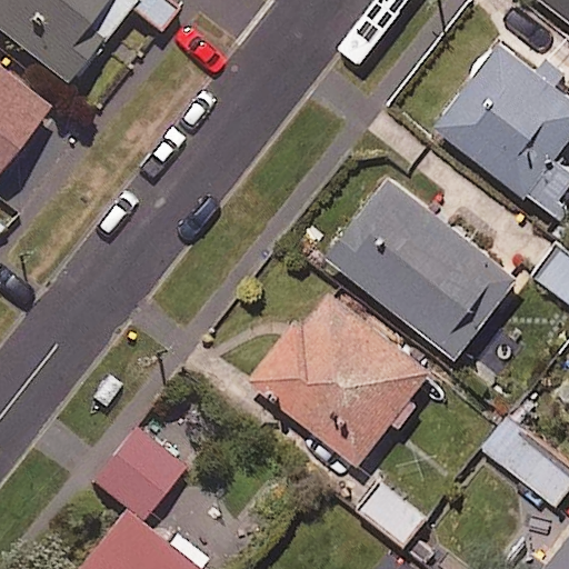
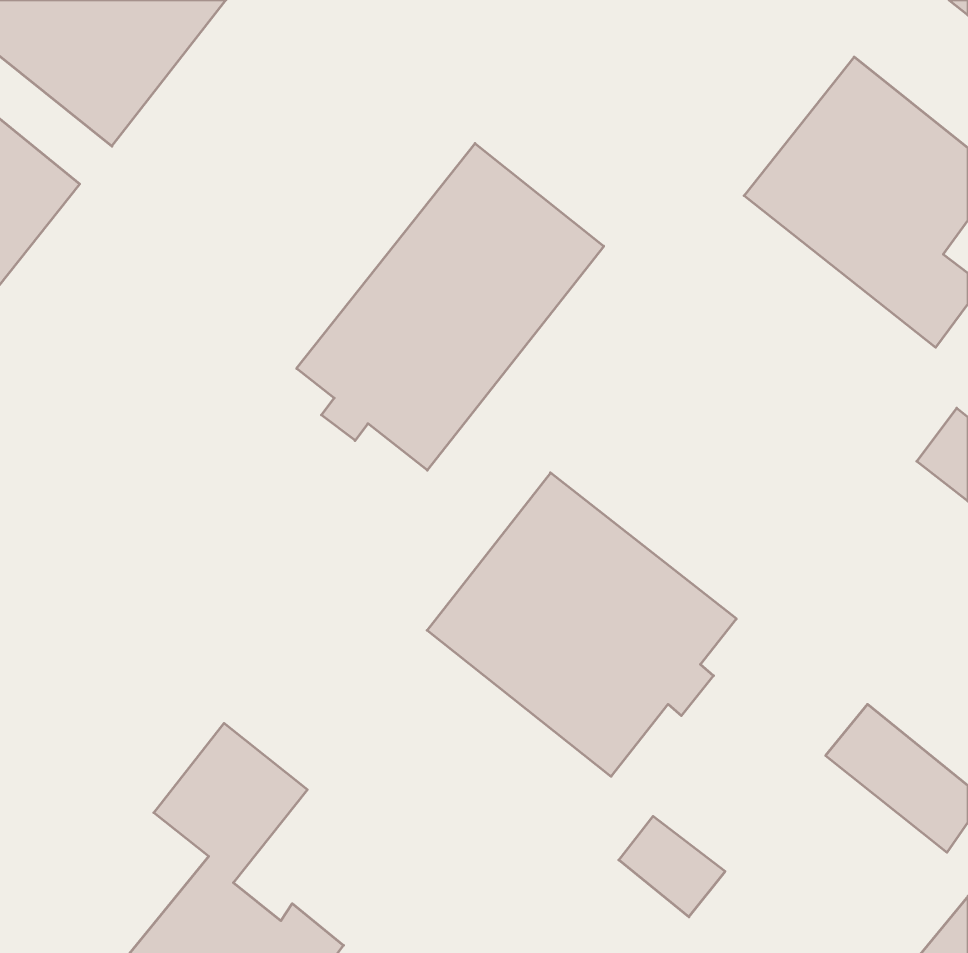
building: none -> [297,143,604,470]
building: [326,176,517,357] -> none

